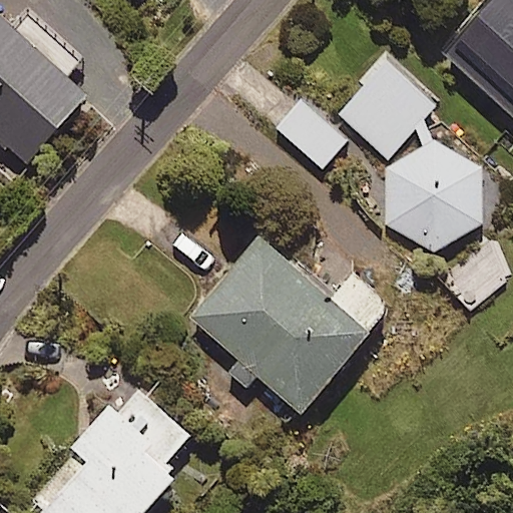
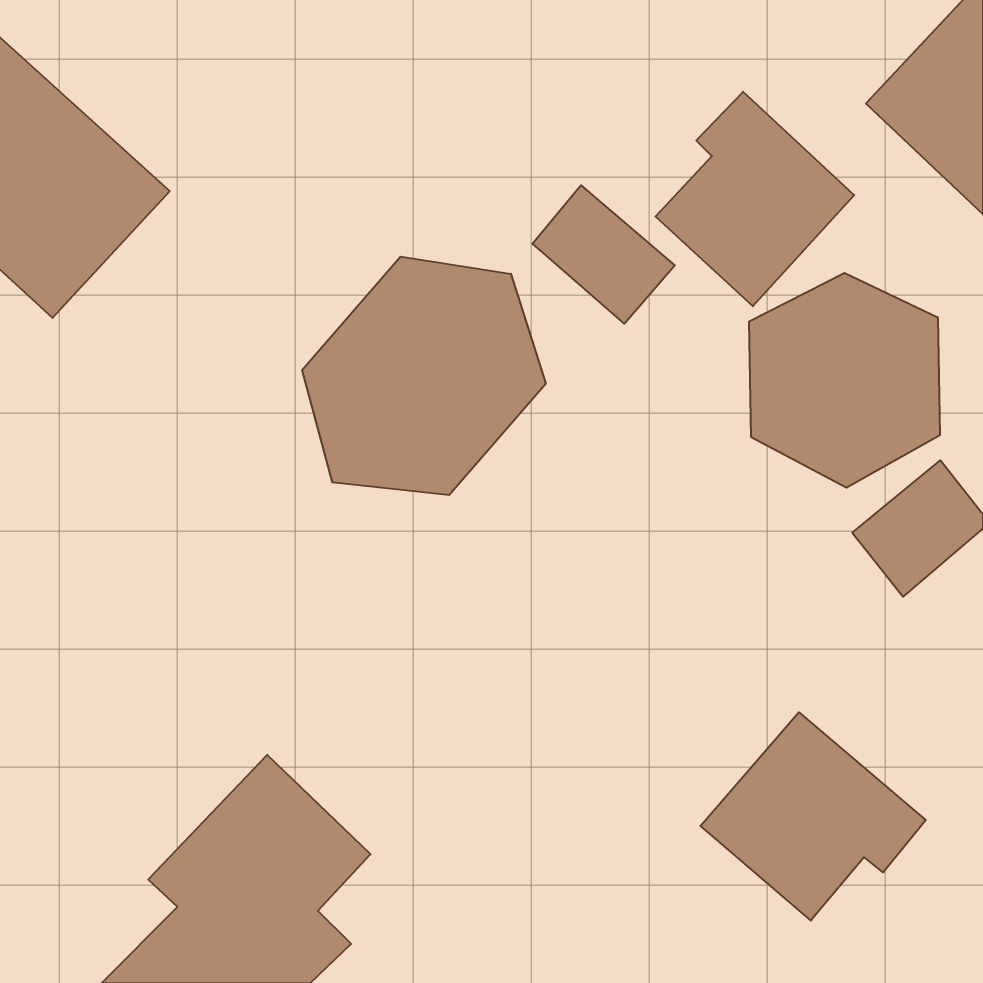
building: none -> [302,257,546,495]
building: [188,238,394,417] -> none
building: none -> [700,712,926,921]

